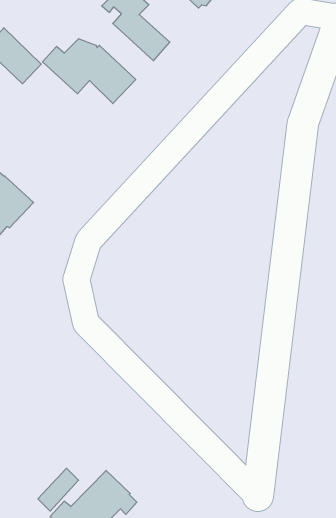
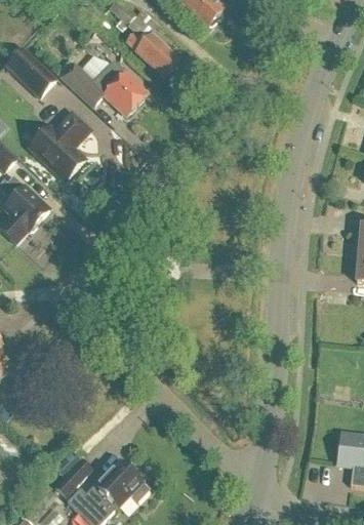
building: none -> [29,111,90,180]

